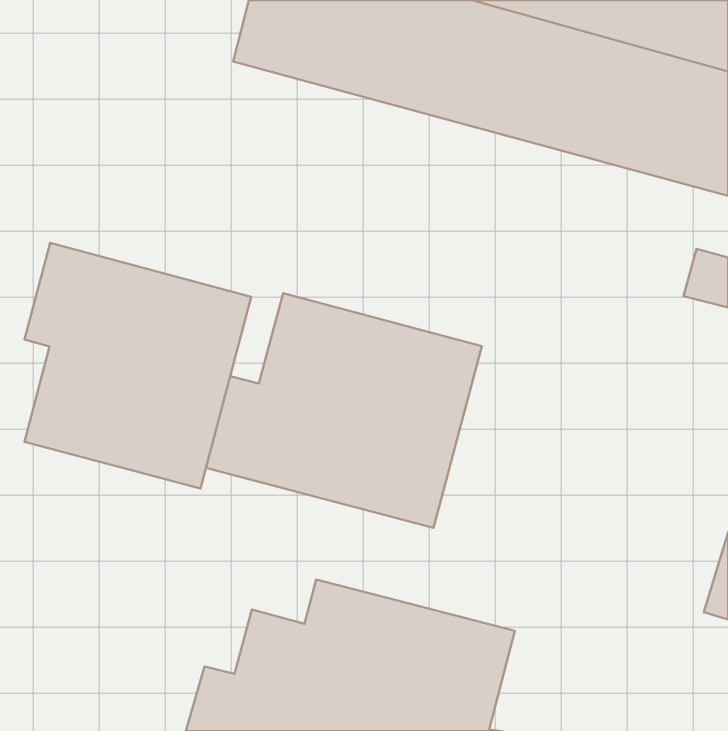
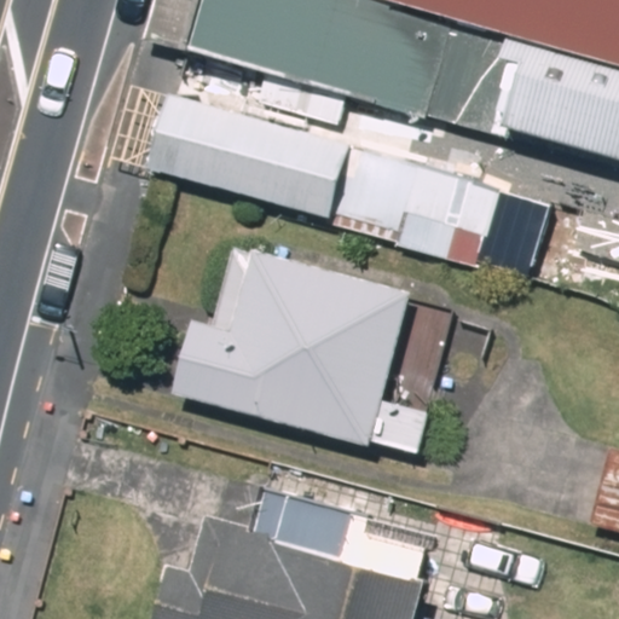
building: none -> [164,99,582,265]
building: [24,243,251,489] -> none

